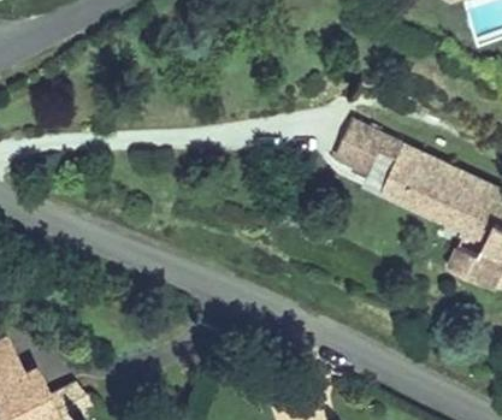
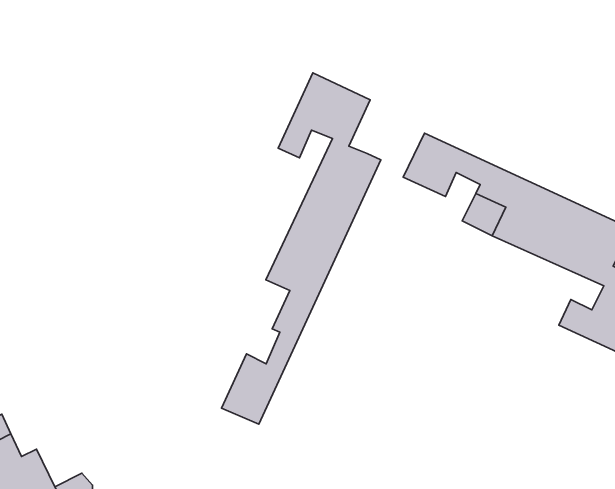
building: none -> [222,73,381,424]

